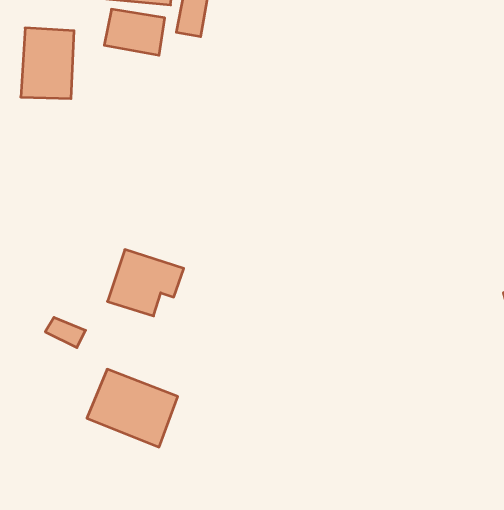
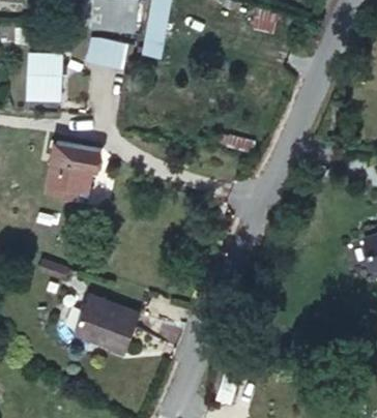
building: [107,250,184,316] -> [39,147,94,195]

